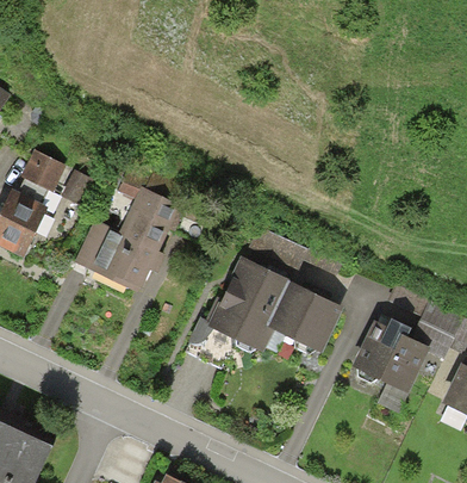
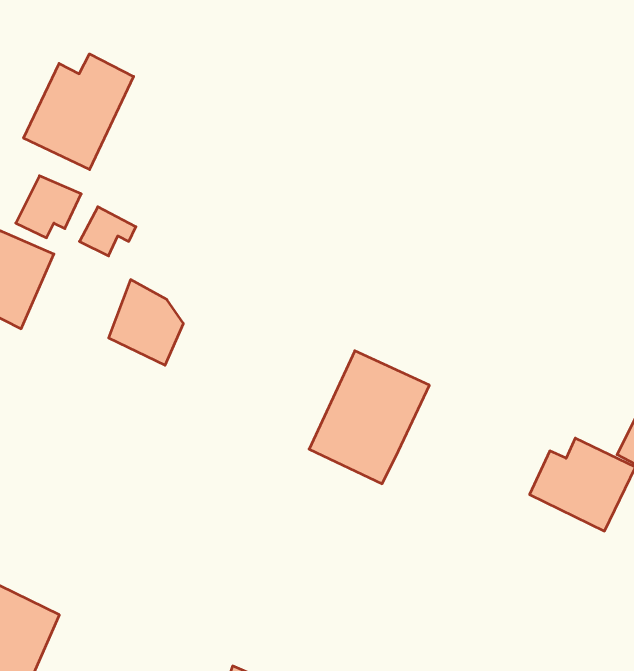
building: none -> [24,54,134,170]
building: [118,188,175,289] -> none
building: [270,290,338,355] -> none

